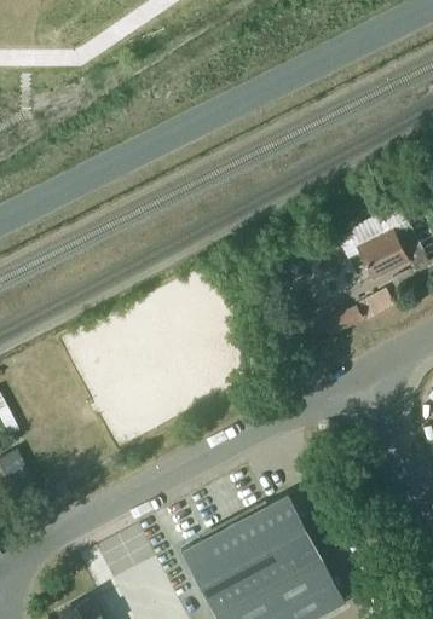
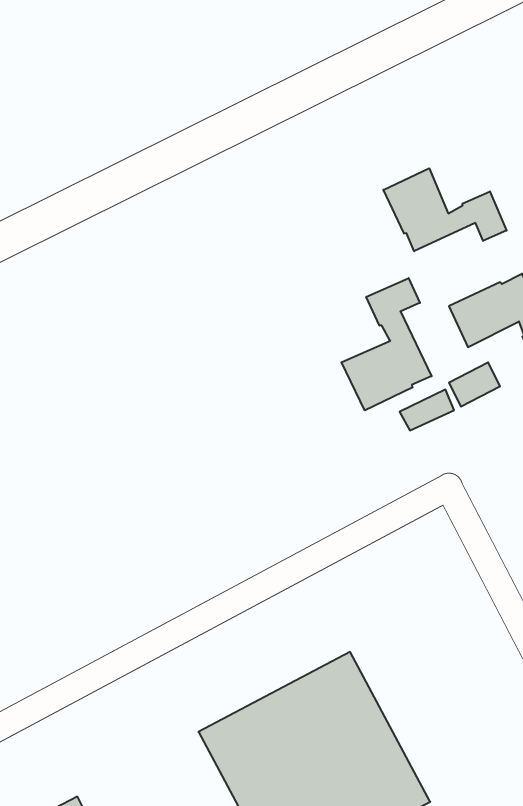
building: none -> [383,168,507,251]
building: none -> [341,278,432,410]

